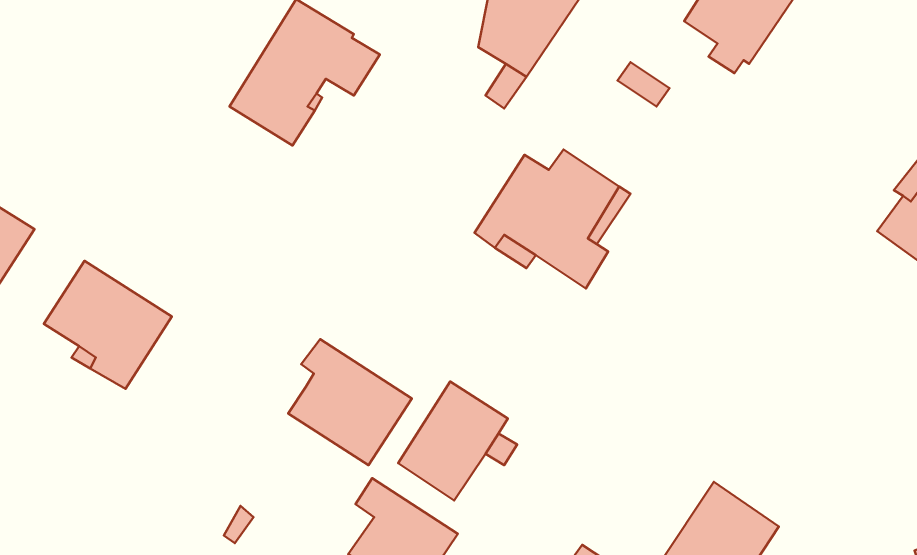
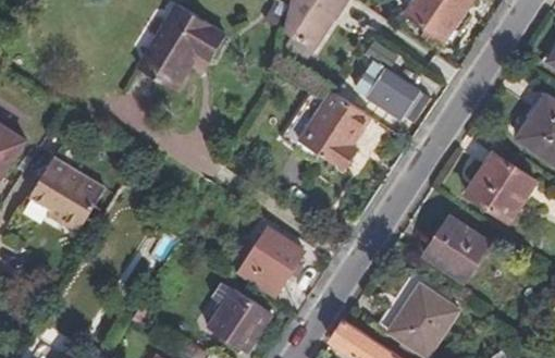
building: none -> [357,60,432,115]
building: none -> [465,153,535,224]
building: [288,339,412,465] -> none
building: none -> [424,219,488,282]

